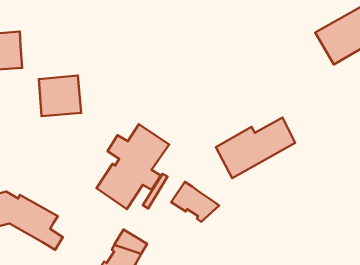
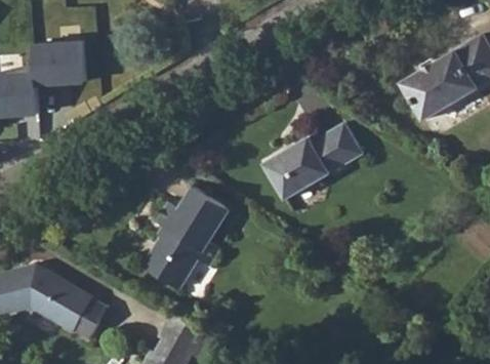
building: [39,76,81,116] -> [45,40,96,89]
building: [216,118,295,178] -> [260,124,357,198]
building: [171,182,219,222] -> none

